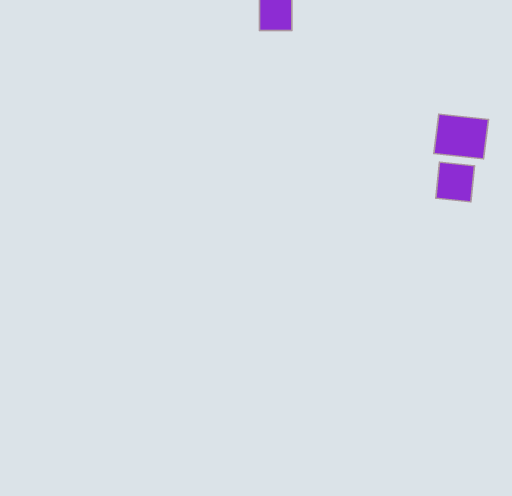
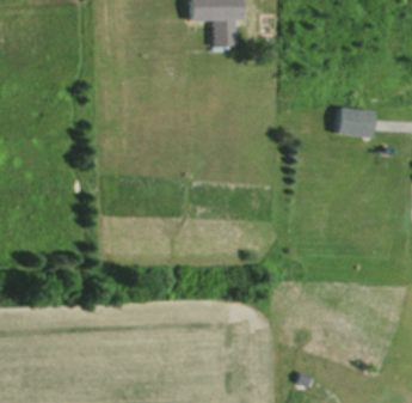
building: [436,162,474,202] -> none

